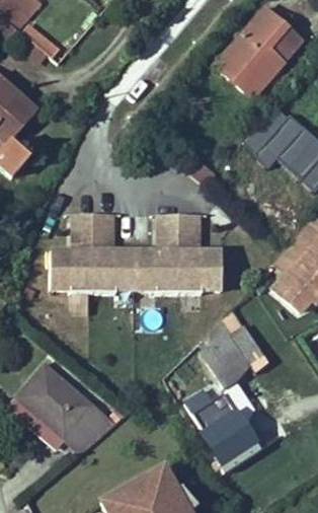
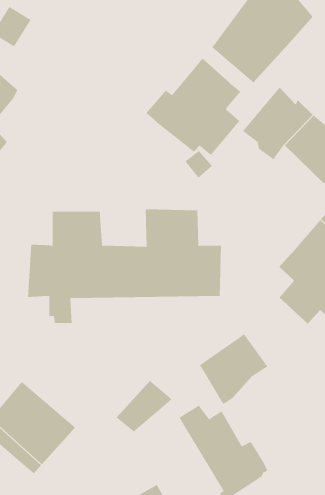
building: none -> [146,58,241,156]
building: [63,409,113,455] -> [116,380,172,432]

